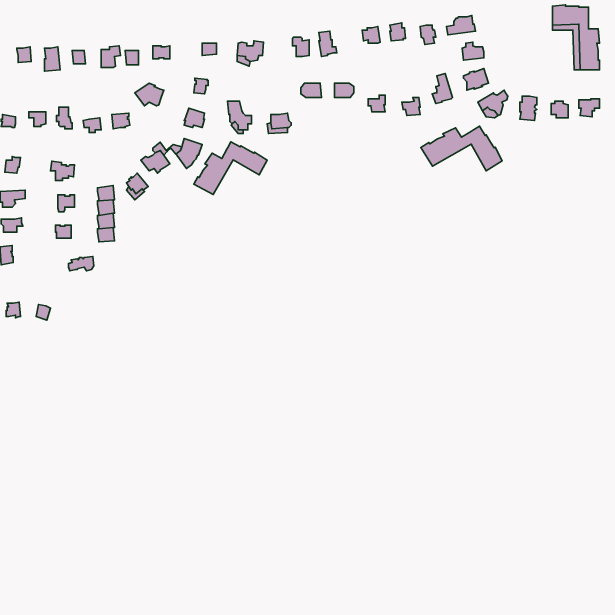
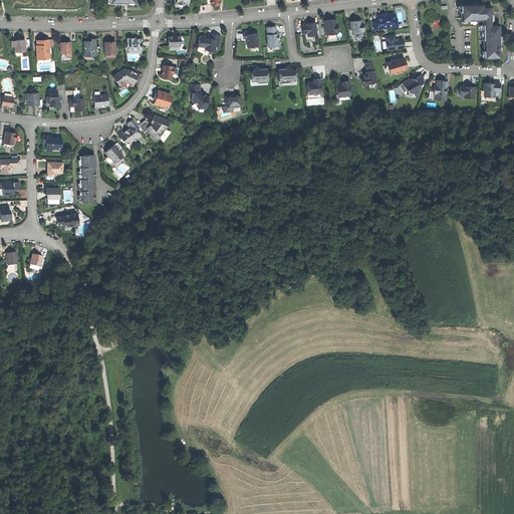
building: [421,126,502,171] -> none
building: [194,142,267,195] -> none

